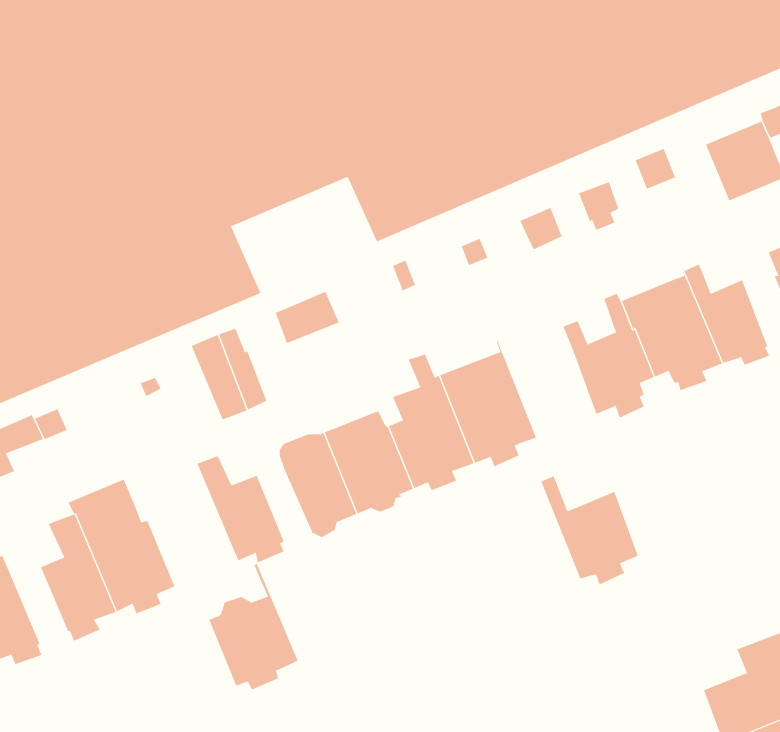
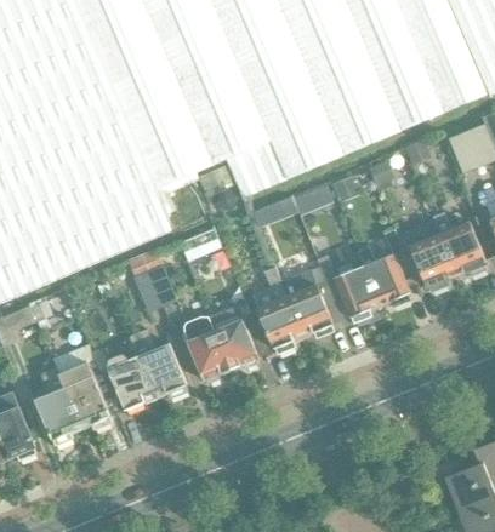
building: [541,475,638,585] -> [319,256,380,324]
building: [208,563,298,690] -> [102,336,158,414]

